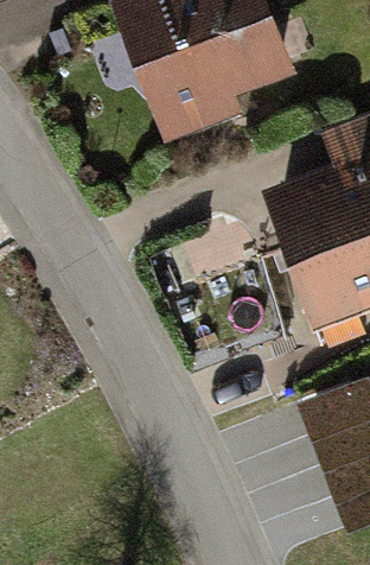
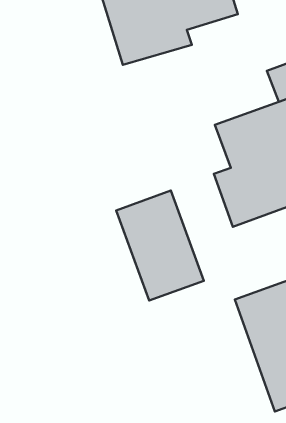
building: none -> [116,191,204,301]

